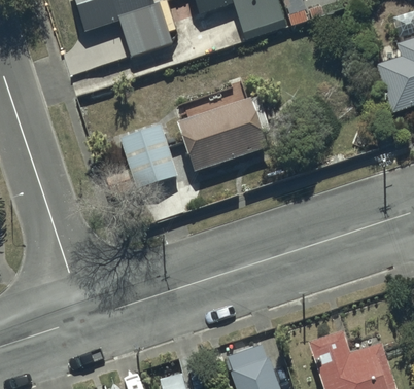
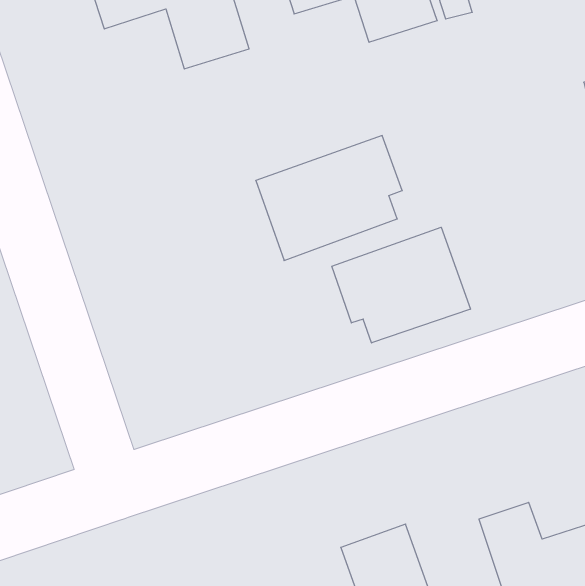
building: [117,123,175,189] -> none
building: none -> [332,227,470,343]

